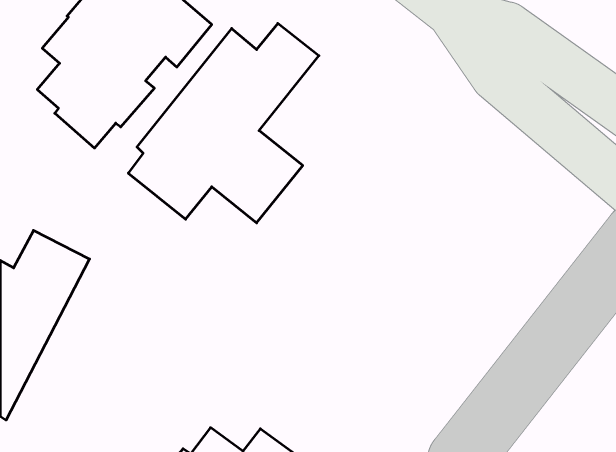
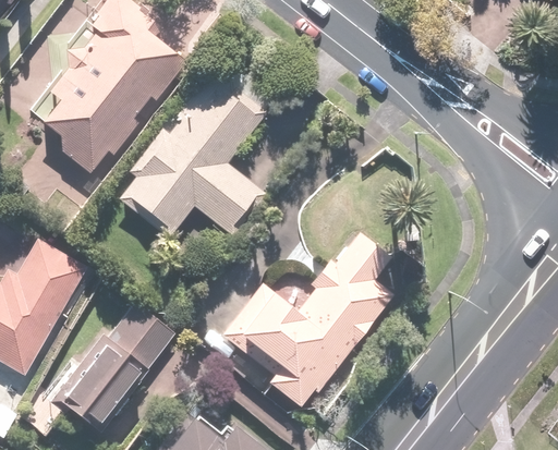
building: none -> [221,233,391,406]
building: none -> [51,302,175,428]

